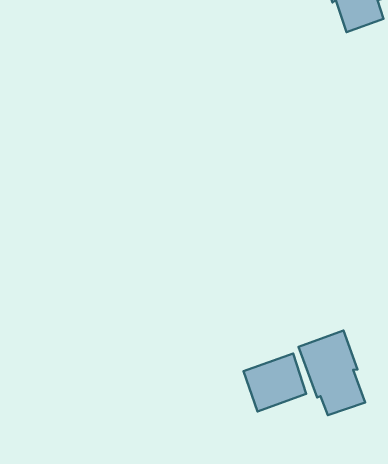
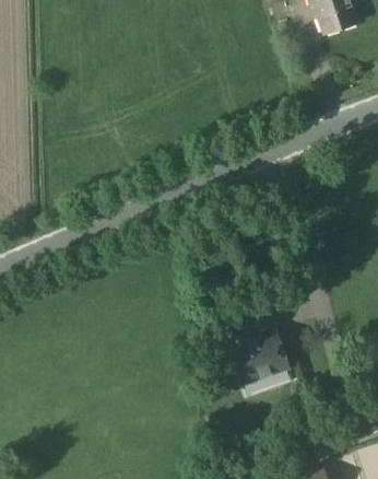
building: [298,331,365,415] -> none

